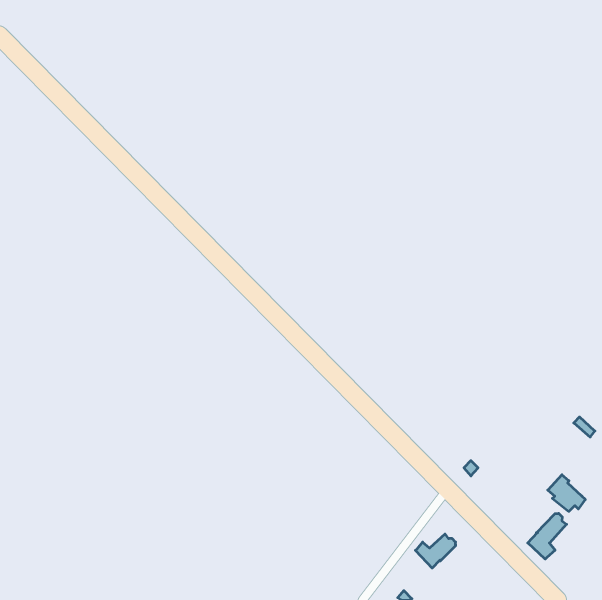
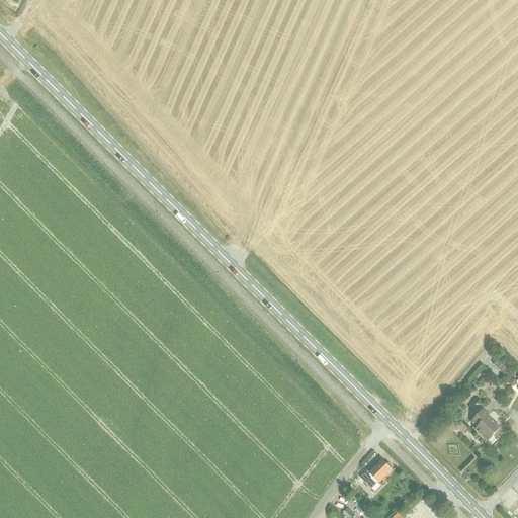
building: [528,513,567,559] -> none

